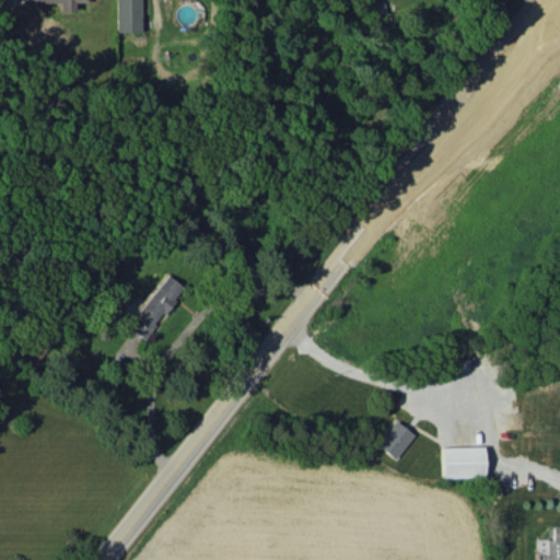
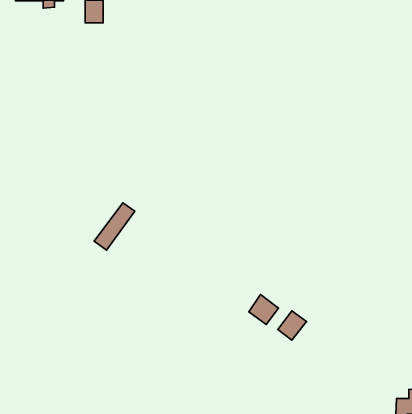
building: none -> [249,295,279,325]
building: [444,446,487,477] -> none

